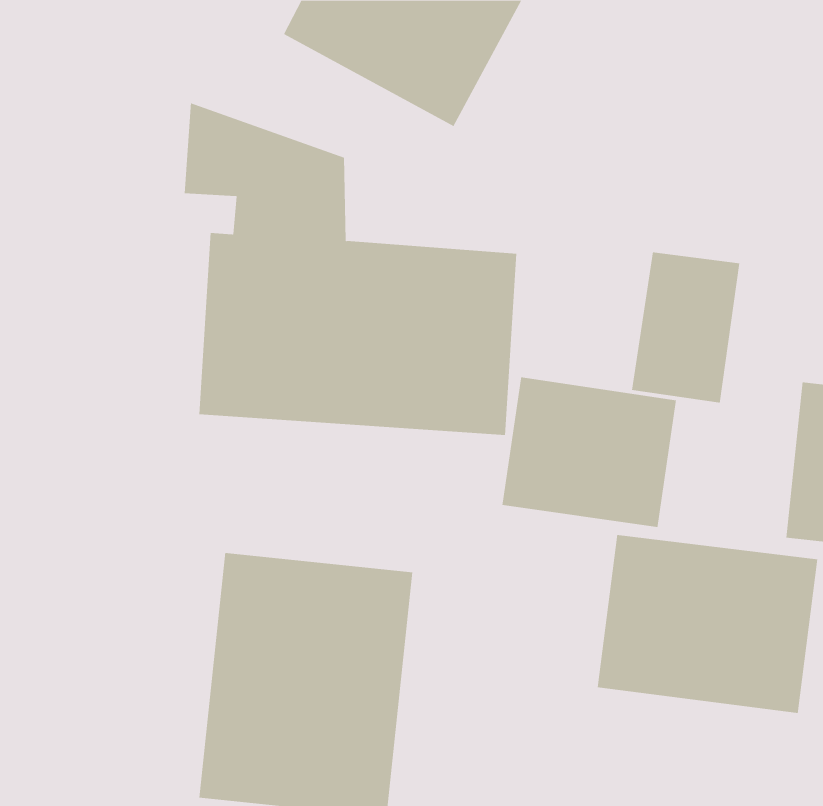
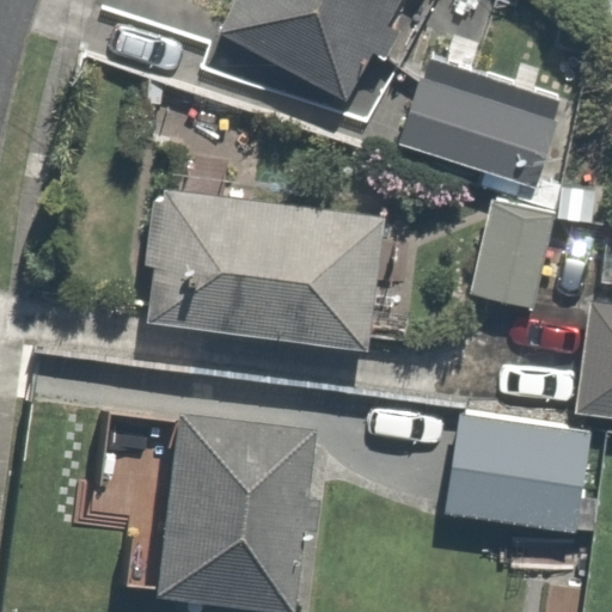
building: none -> [391,71,555,191]
building: [502,376,676,528] -> none

